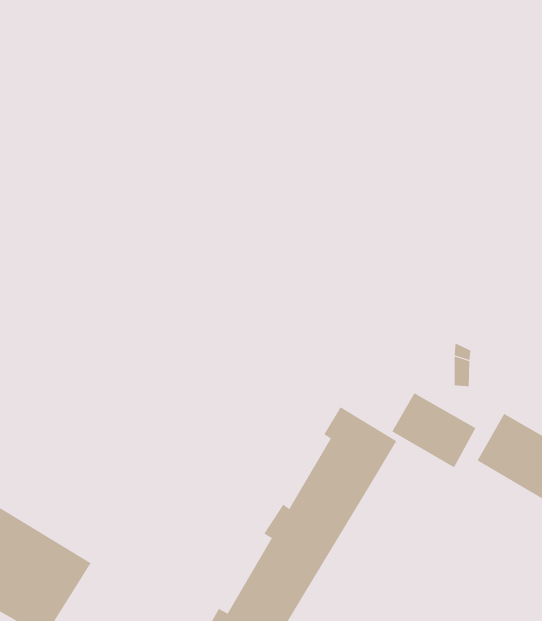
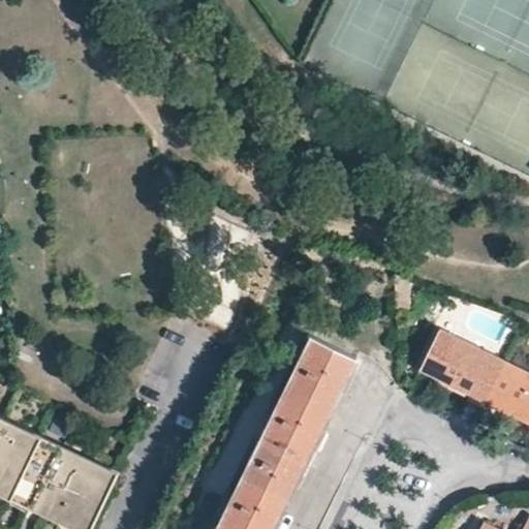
building: [392,393,476,468] -> none

